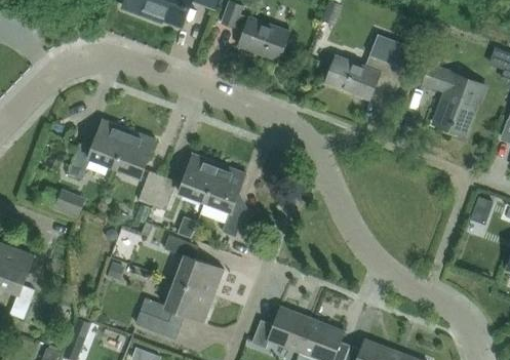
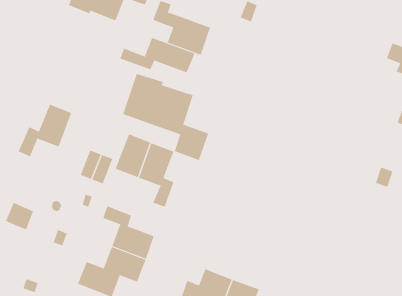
building: [328,35,408,98] -> none
building: none -> [119,37,195,73]
building: [416,50,484,135] -> none
building: none -> [123,73,209,161]
building: [115,129,155,178] -> none
building: [51,188,84,219] -> [5,202,34,230]

